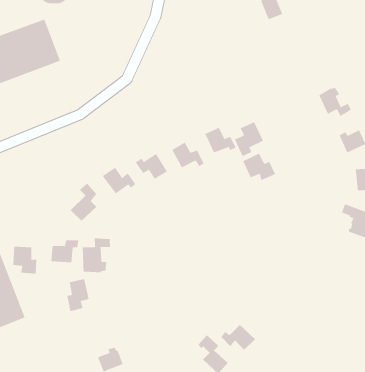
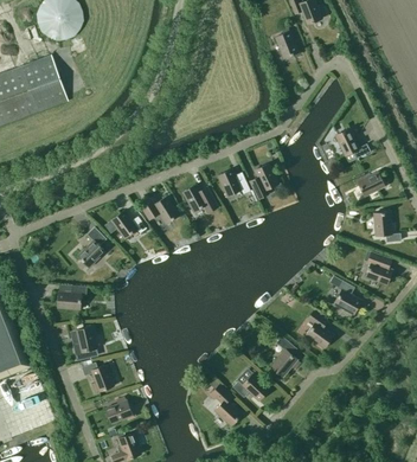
building: [243,153,276,181] -> none
building: none -> [328,275,361,314]
building: [82,237,110,273] -> none
building: [13,246,37,274] -> none
building: none -> [306,310,334,347]
building: none -> [270,336,300,377]
building: none -> [82,362,114,392]

